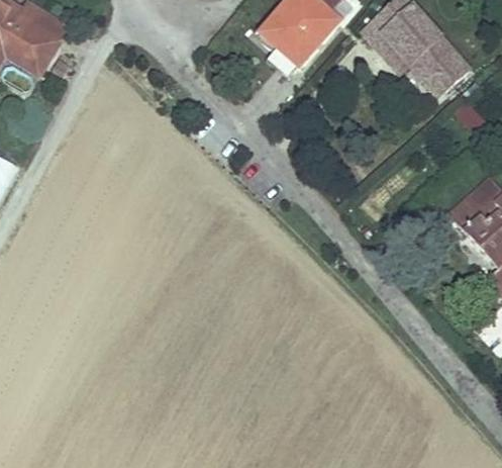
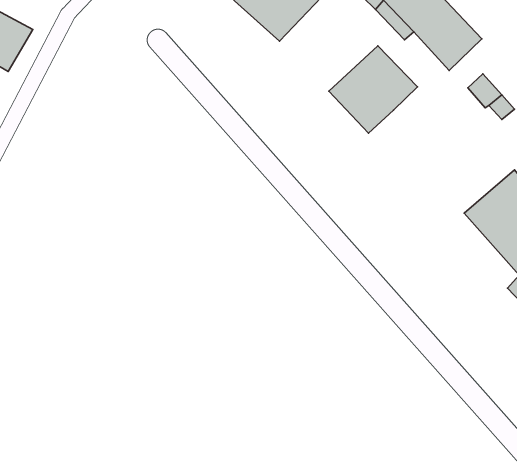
building: none -> [329,46,418,133]

